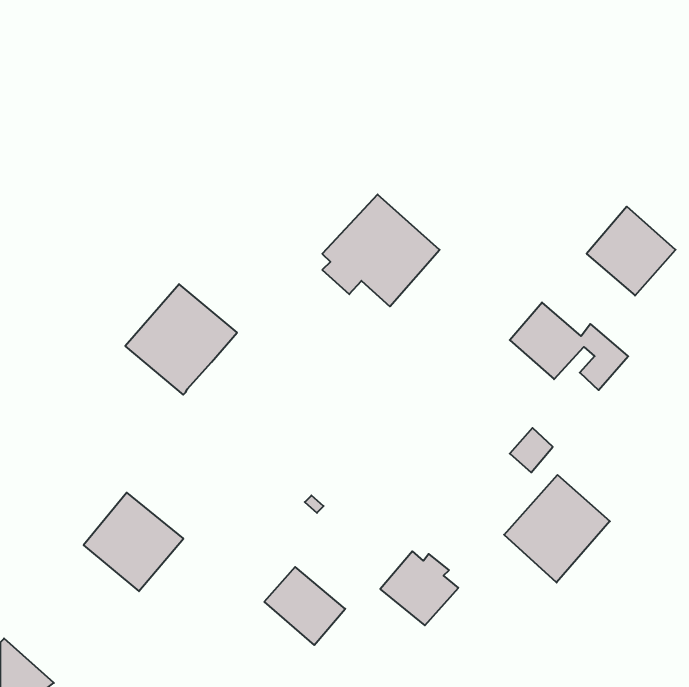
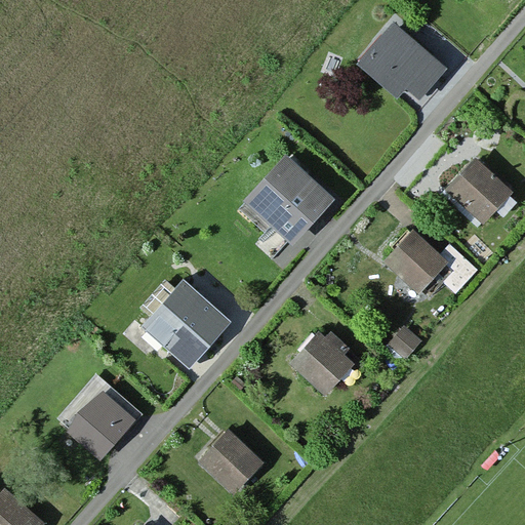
building: none -> [359,25,445,98]
building: [125,284,237,395] -> [143,281,228,365]
building: [504,475,610,583] -> none
building: [380,551,458,625] -> [293,335,353,392]

